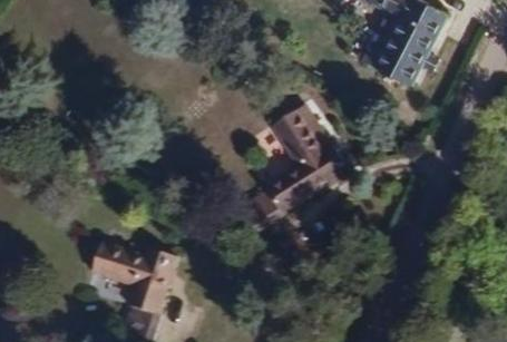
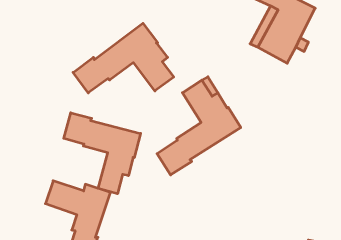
building: none -> [73,23,174,93]
building: none -> [64,113,141,194]

